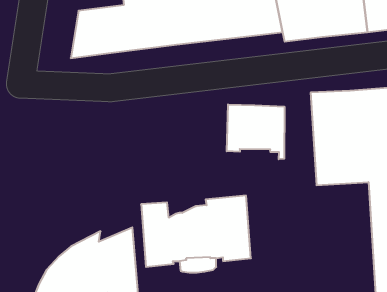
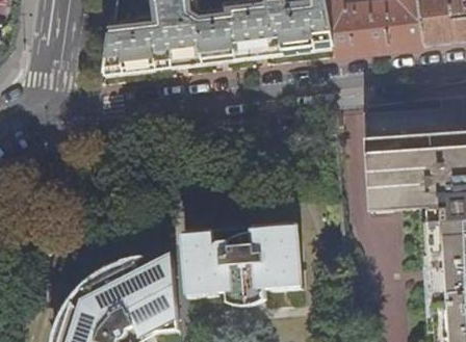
building: [227,104,284,159] -> none

